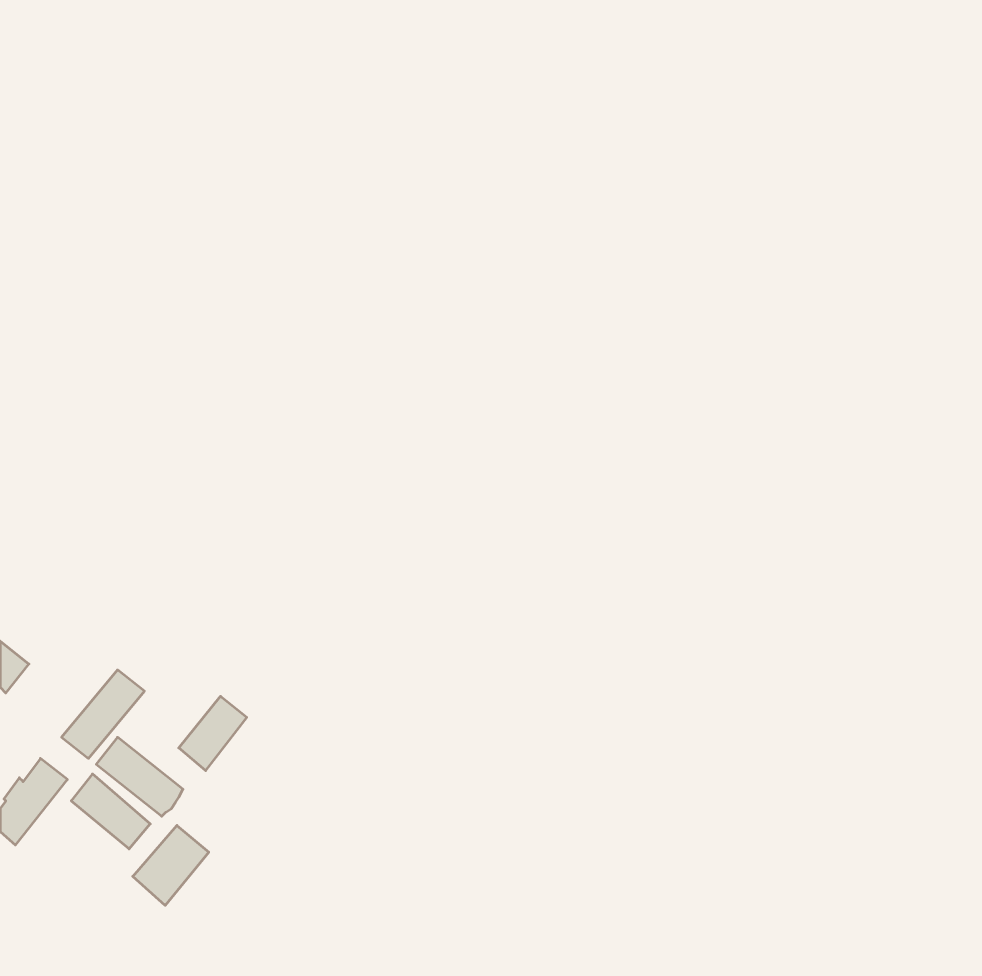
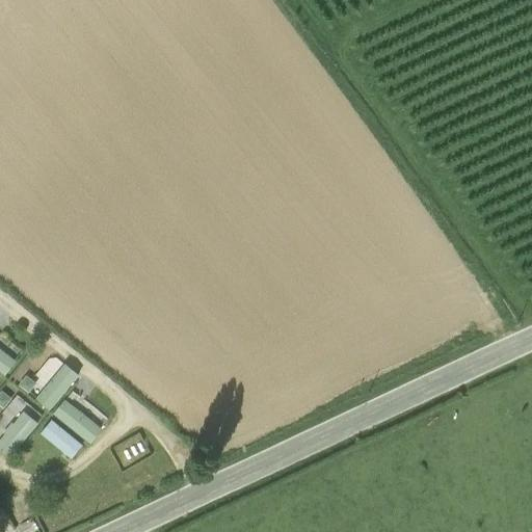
building: [179,696,247,771] -> none
building: [133,825,209,905] -> none

